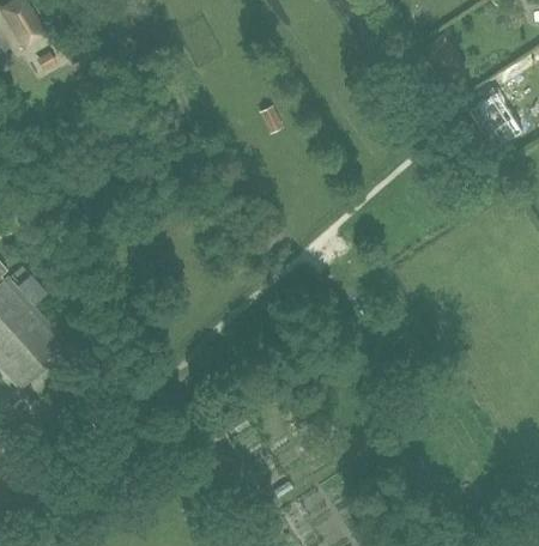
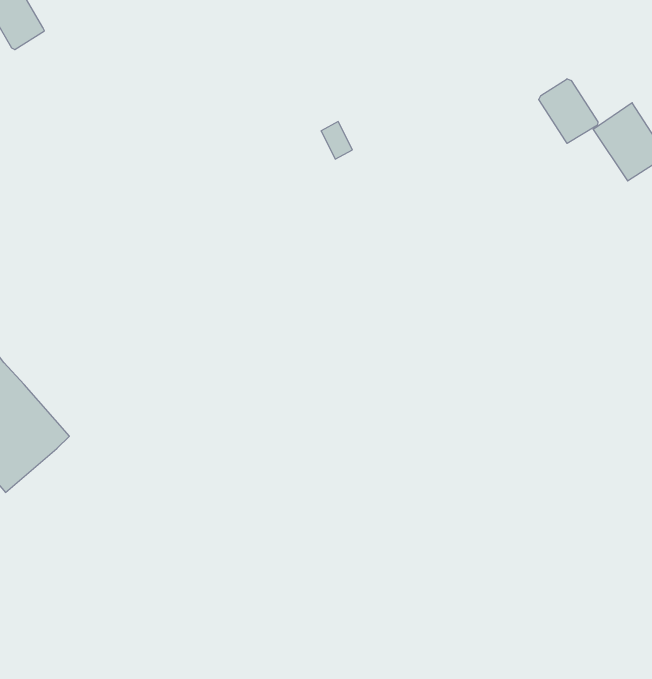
building: none -> [539,79,598,143]

